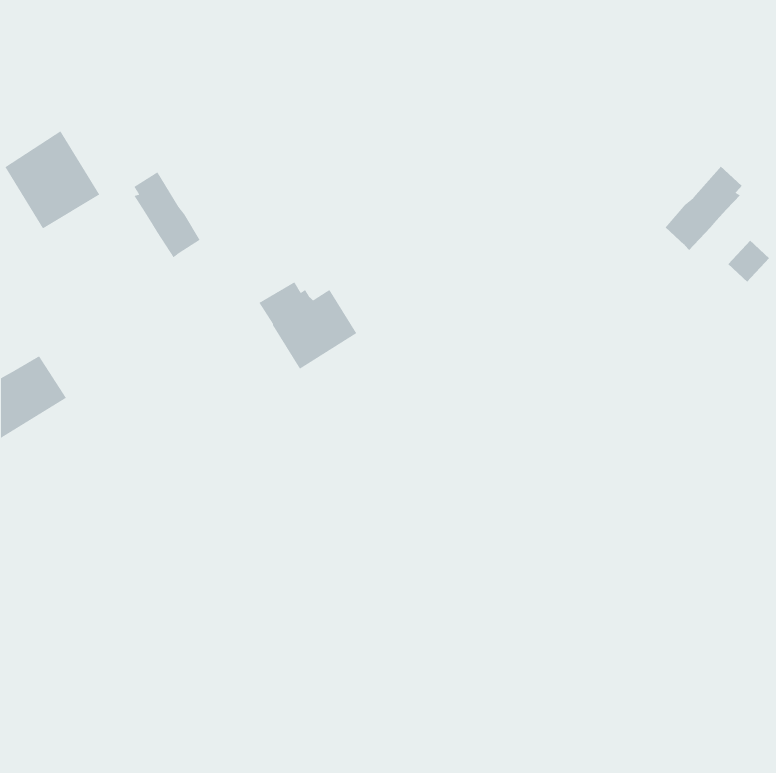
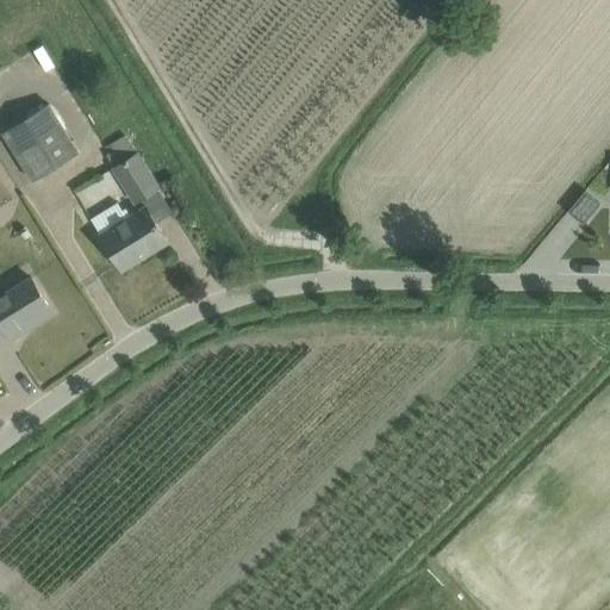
building: [665,166,743,251] -> none
building: [259,281,357,370] -> [89,204,167,273]

